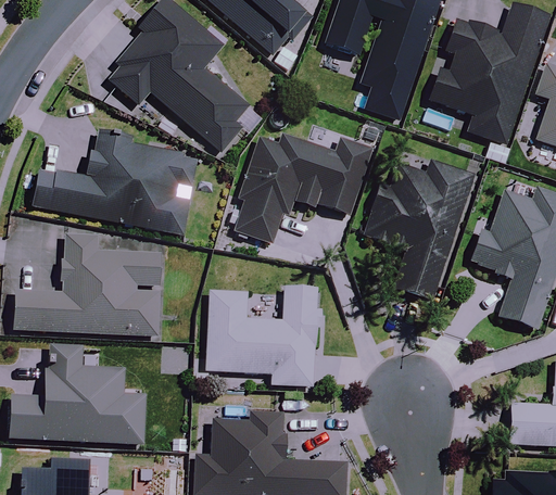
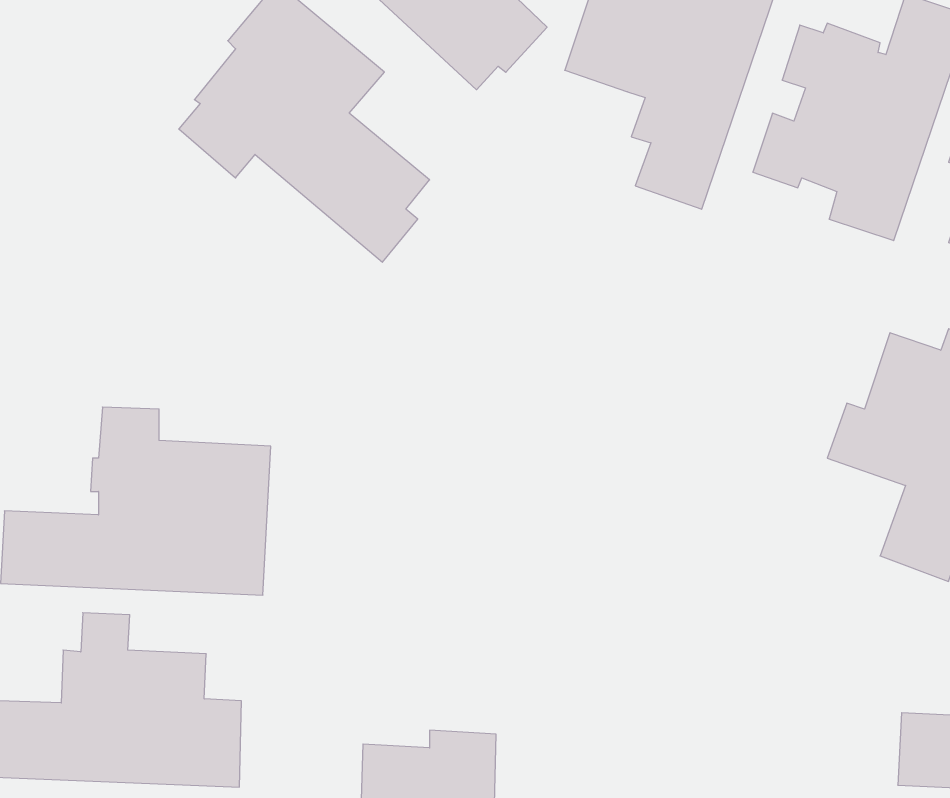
building: [30,131,197,233] -> none
building: [236,136,370,241] -> none
building: [369,162,473,301] -> none
building: [197,284,320,385] -> none

